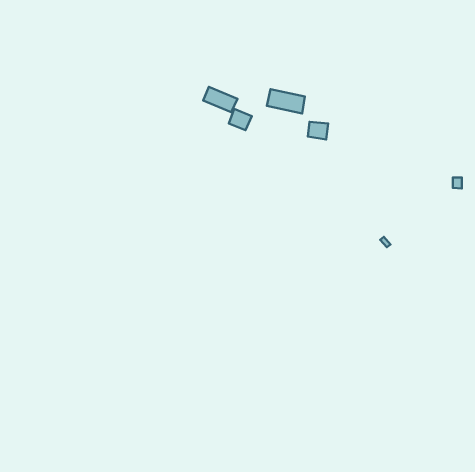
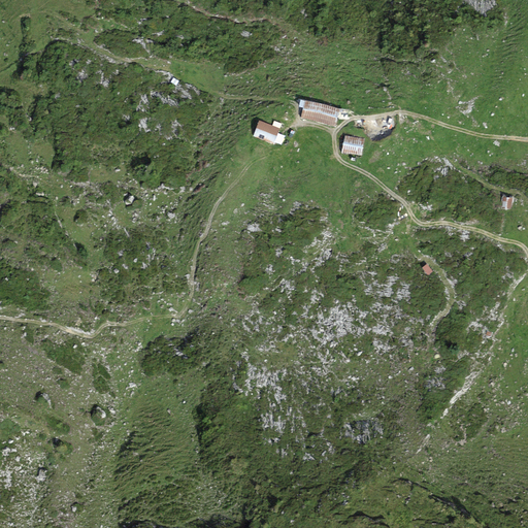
building: [203,87,237,112] -> none

